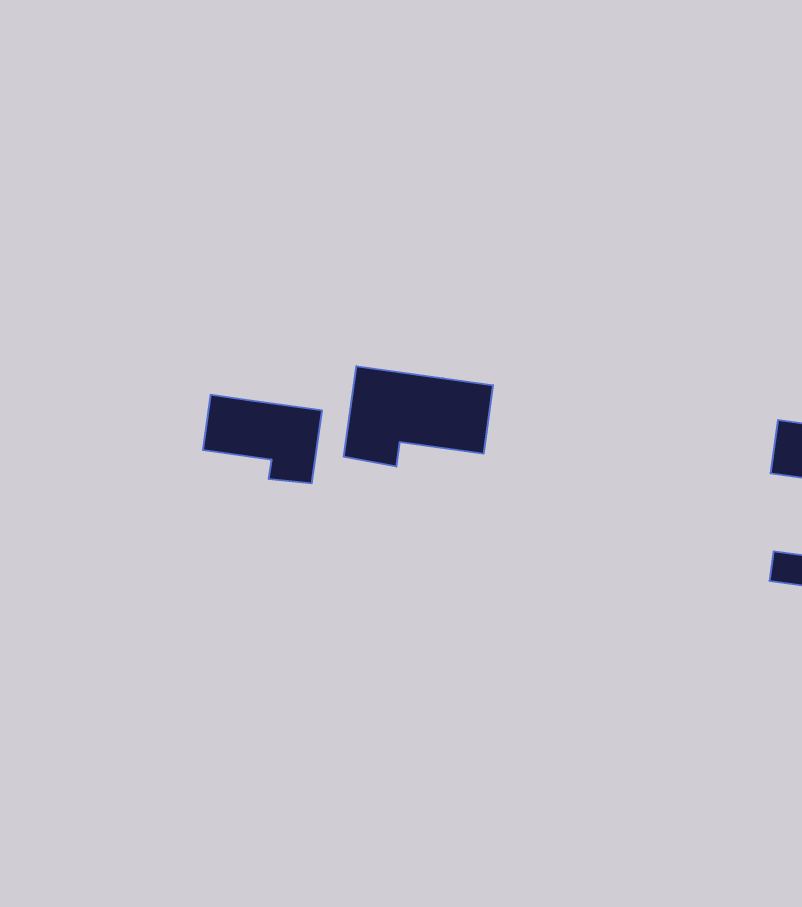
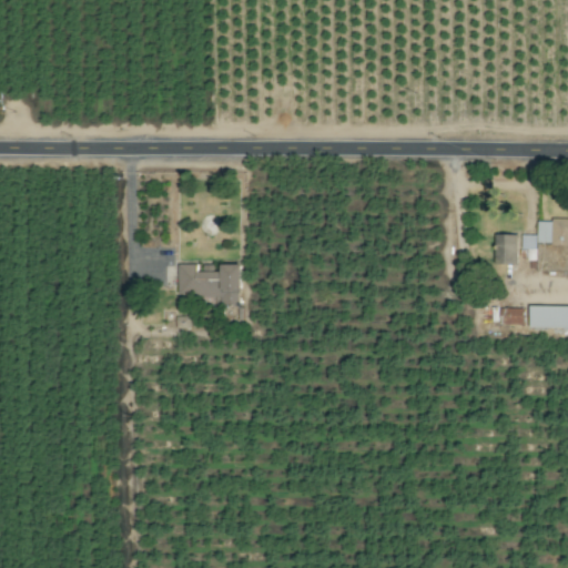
building: [344,366,493,467] -> none

